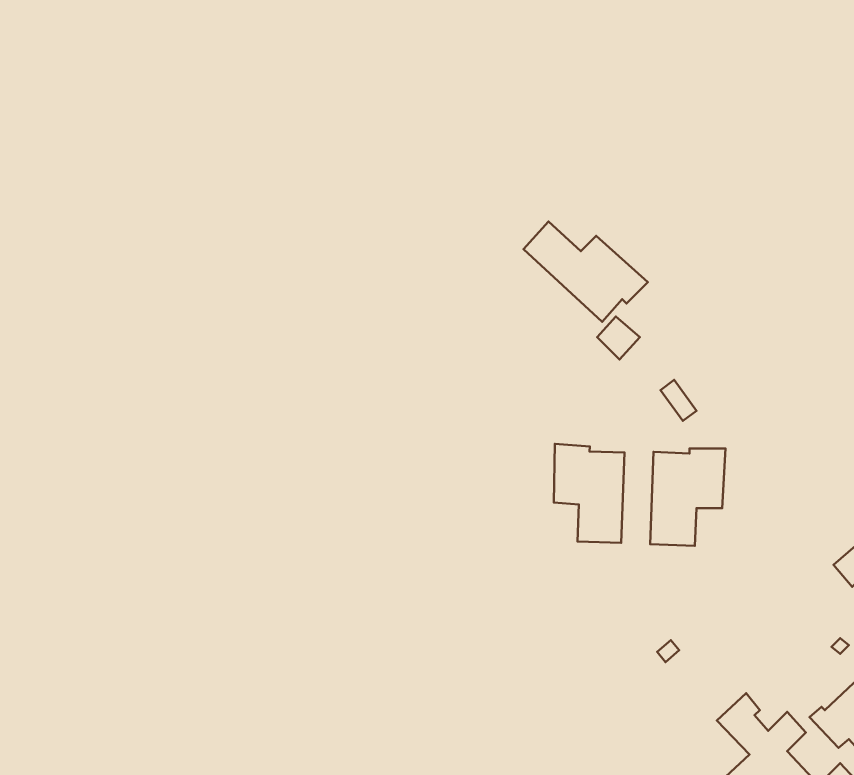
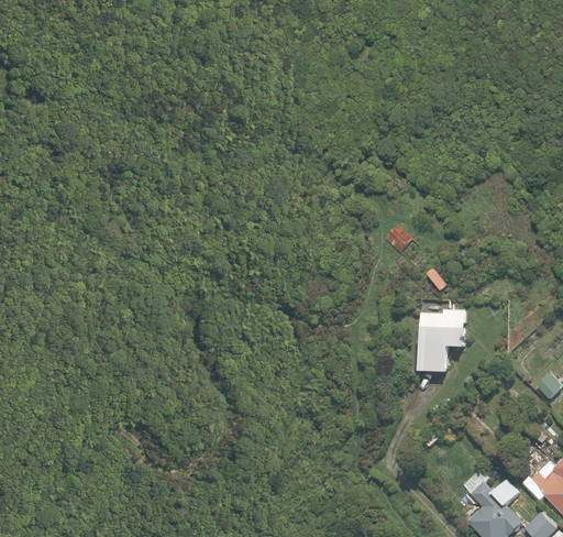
building: [523,222,648,322] -> none
building: [554,444,625,543] -> none

